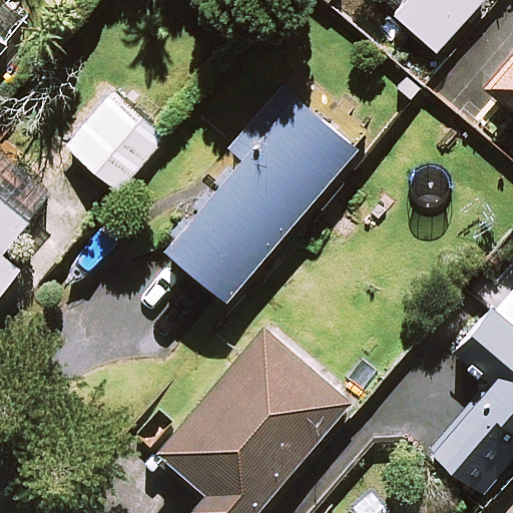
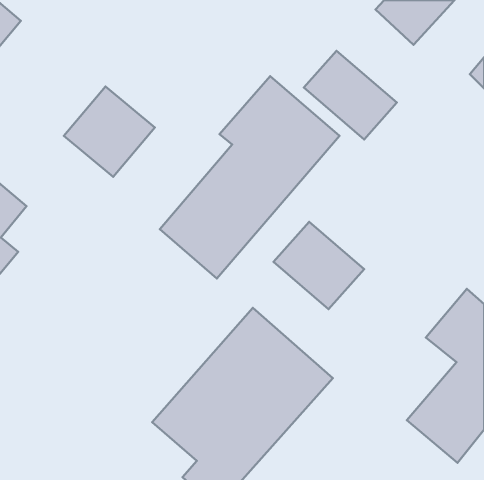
building: none -> [304,51,397,139]
building: none -> [274,222,364,309]

